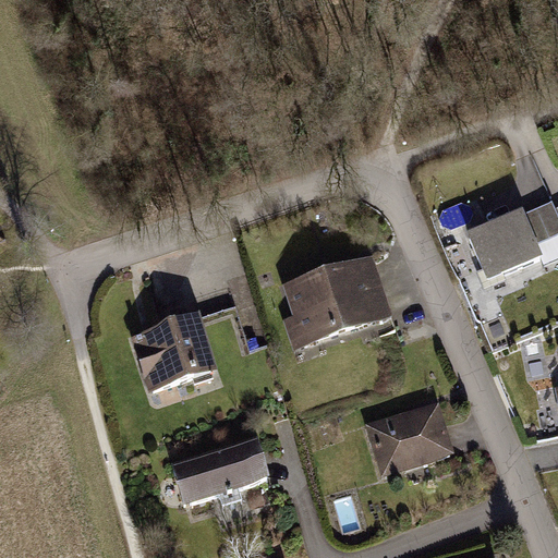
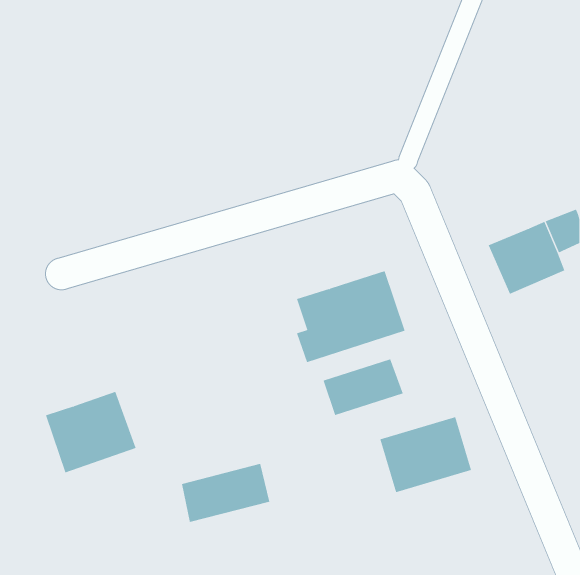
building: [133,315,220,393] -> [45,391,136,473]
building: none -> [323,359,404,416]

